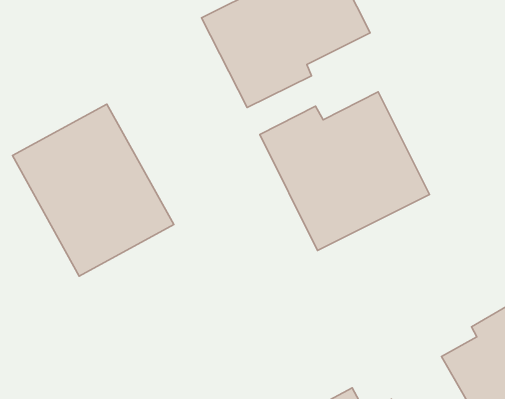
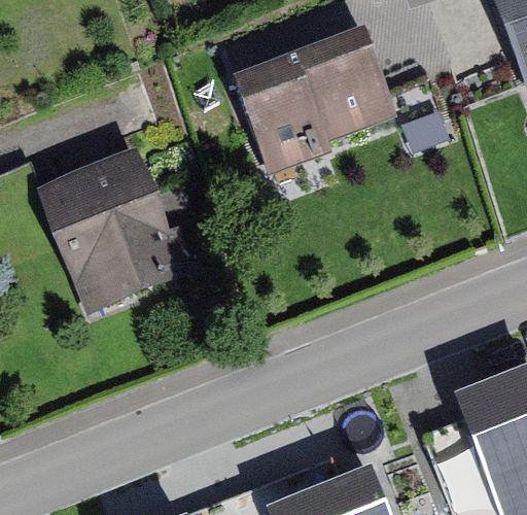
building: [260,92,430,251] -> none

